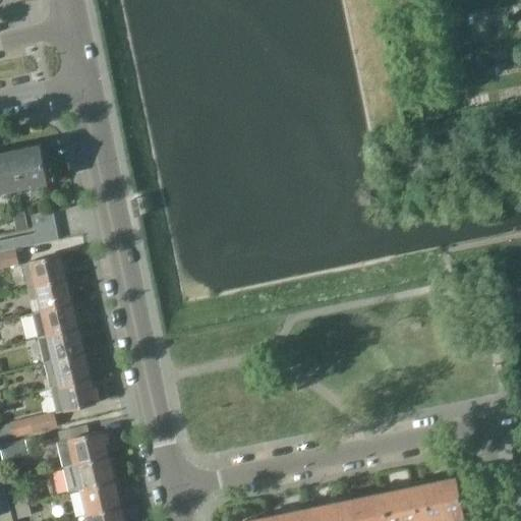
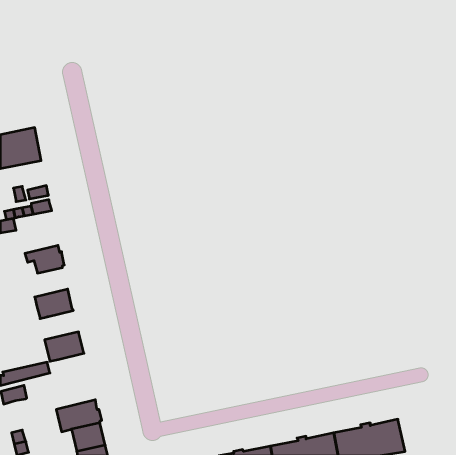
building: [22,255,66,290] -> none
building: [34,306,77,340] -> none
building: [46,355,90,389] -> none
building: [58,432,109,468] -> none

